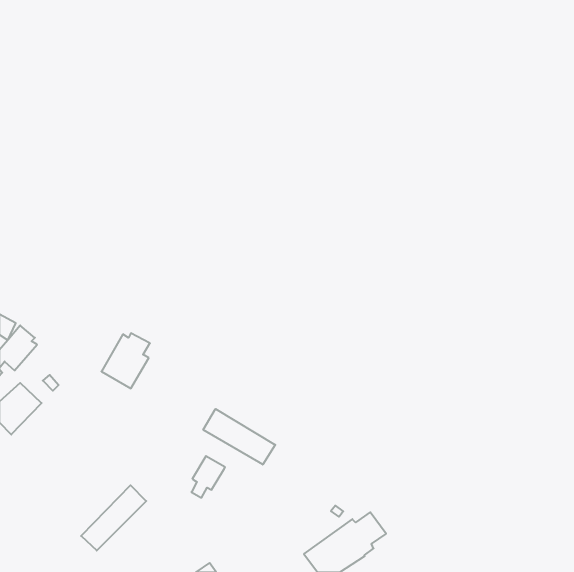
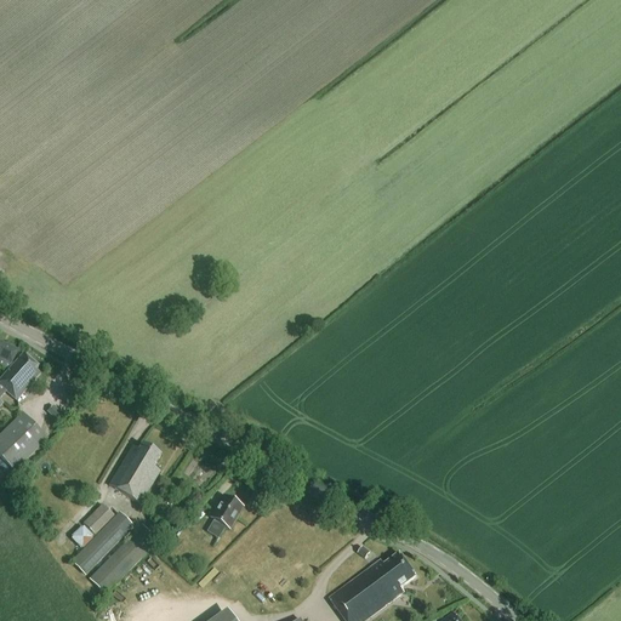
building: [101,333,150,388] -> [108,443,160,502]
building: [203,409,275,465] -> none
building: none -> [70,502,133,574]

